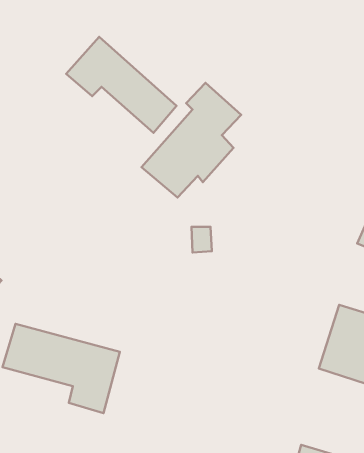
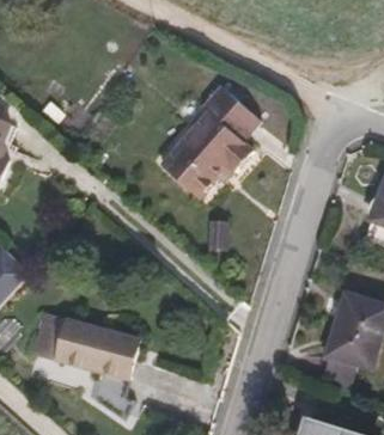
building: [66,37,176,133] -> none

